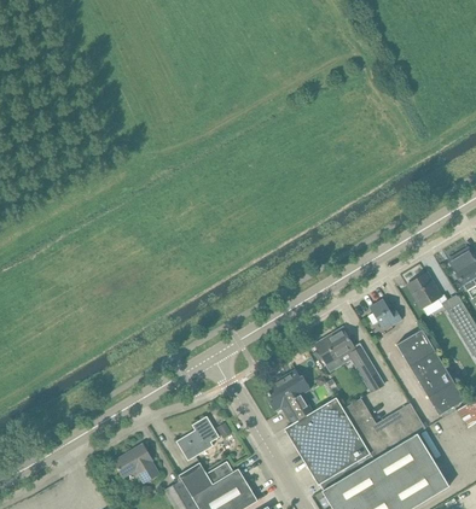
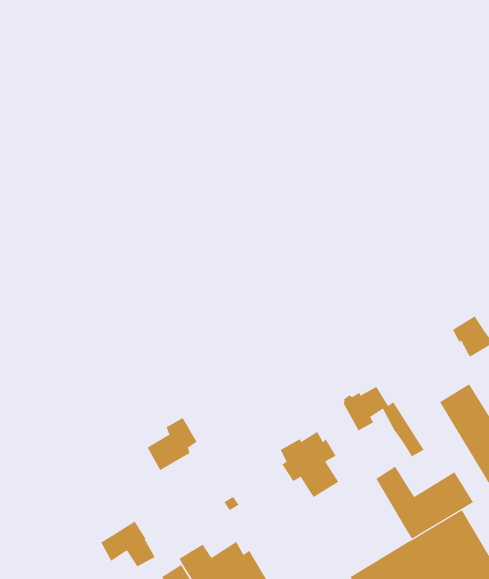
building: [367,299,402,328] -> none
building: [284,398,370,485] -> none
building: [176,416,219,461] -> [147,417,198,471]

